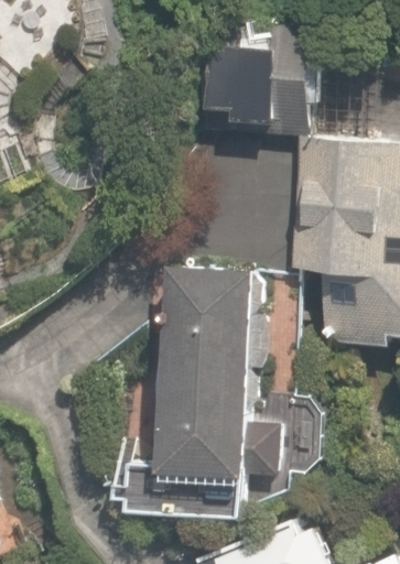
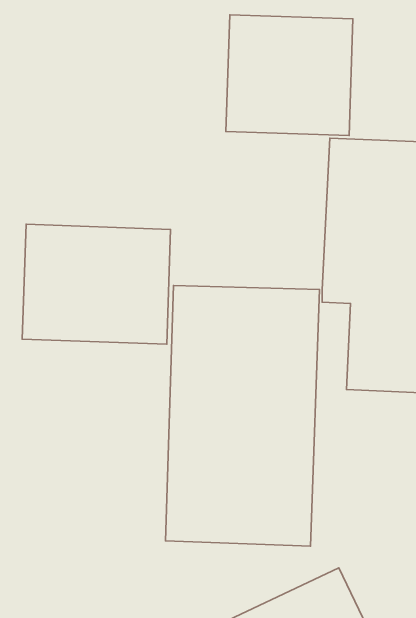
building: none -> [22,224,171,344]

